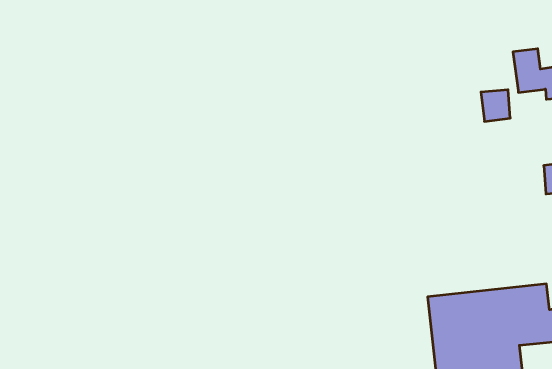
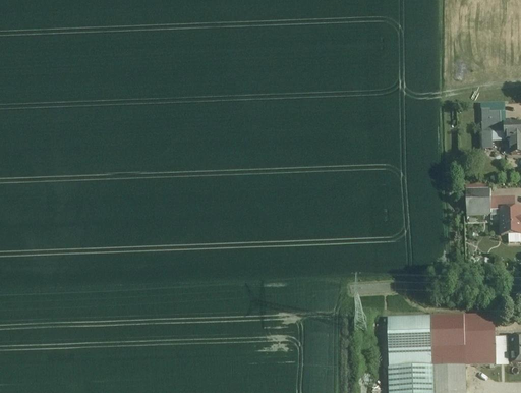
building: [481,90,510,121] -> [465,187,489,214]

